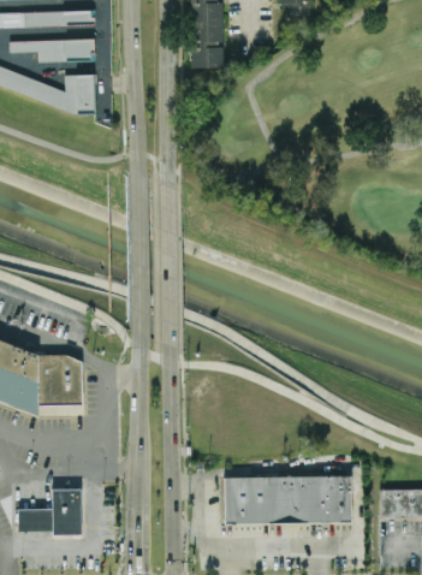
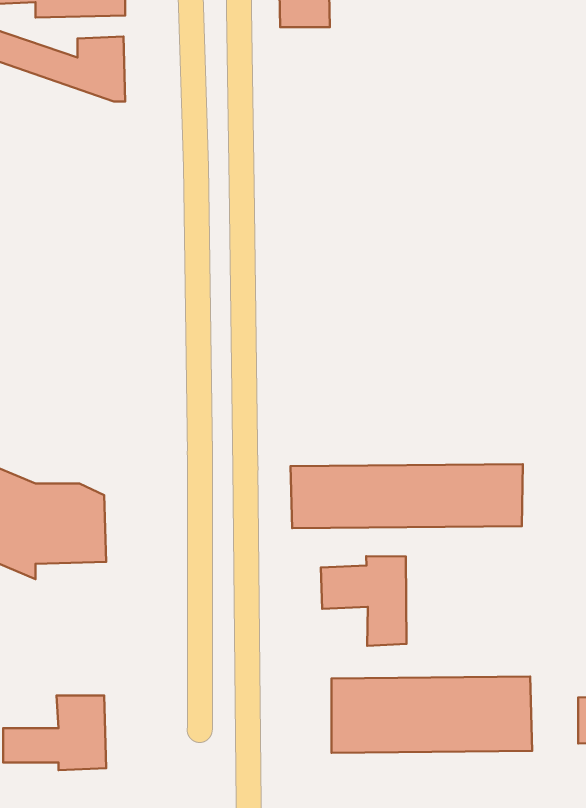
building: none -> [291,464,523,528]
building: none -> [321,556,407,646]

